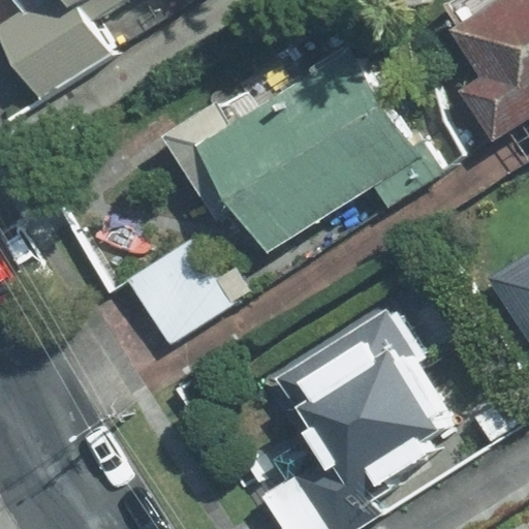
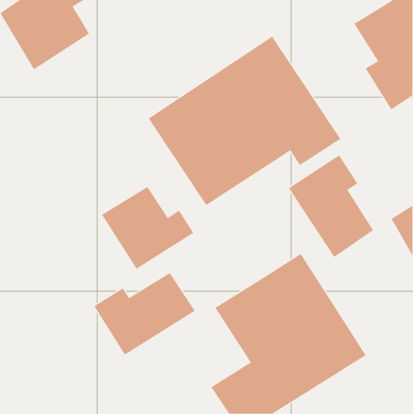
building: none -> [288,154,374,258]
building: none -> [93,272,196,356]

